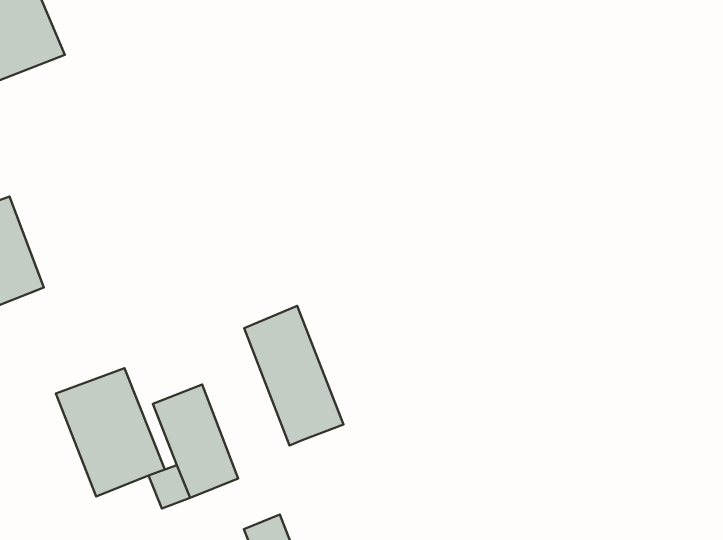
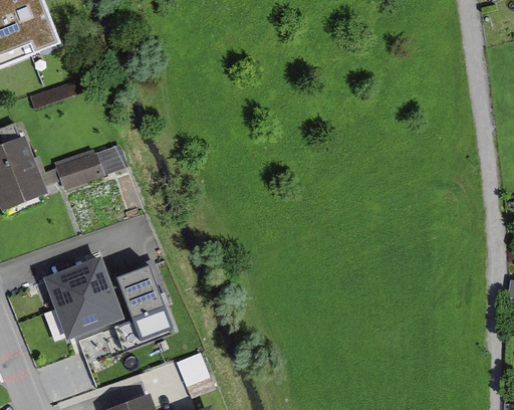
building: none -> [58,149,105,189]
building: [244,306,343,445] -> none

